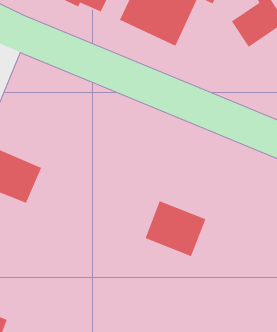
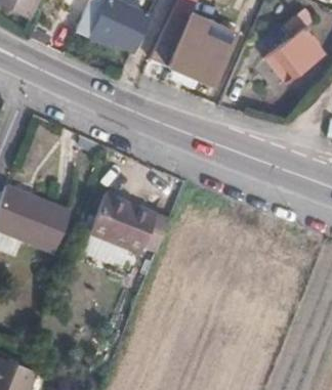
building: [144,200,206,257] -> [88,193,153,253]

